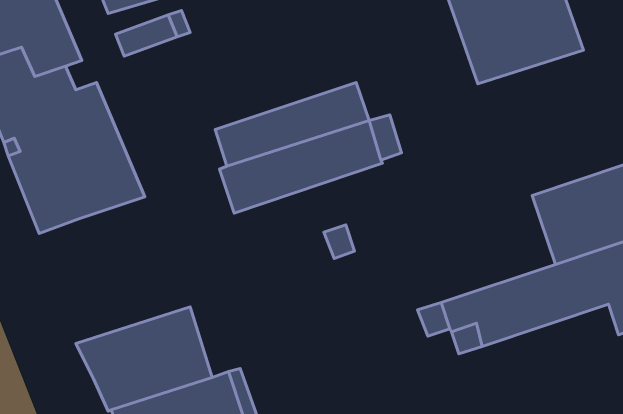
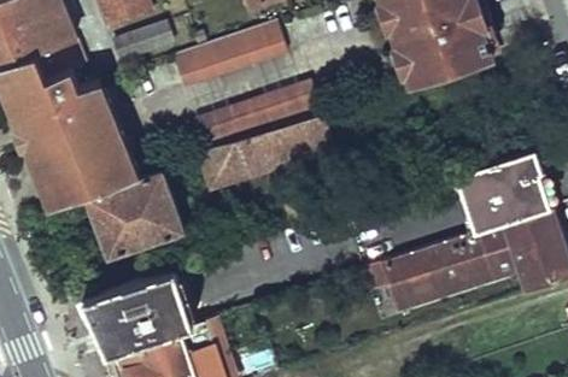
building: none -> [170,22,286,88]
building: none -> [81,169,183,259]

